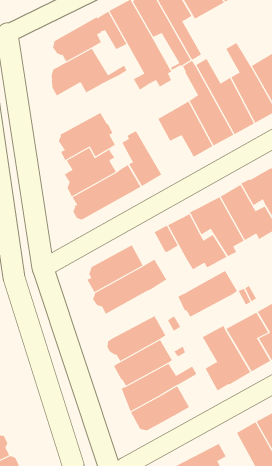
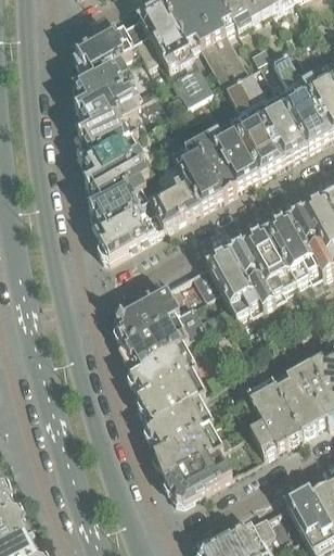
building: none -> [76,98,138,155]
building: none -> [171,139,236,203]
building: [177,270,238,317] -> [127,338,196,392]

